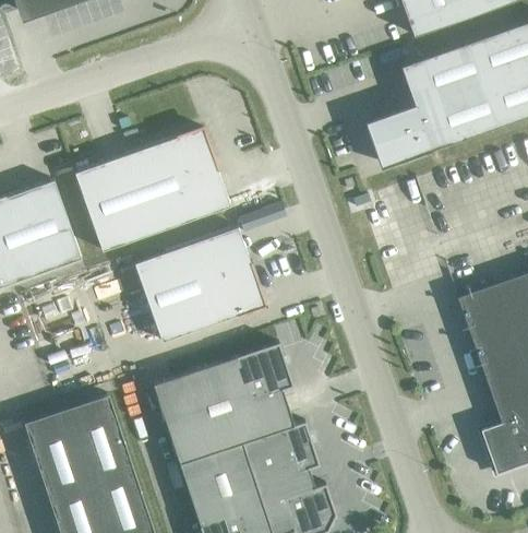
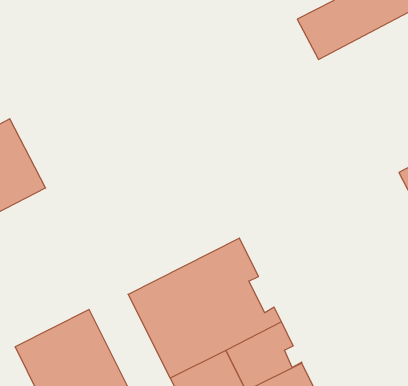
building: [74,128,230,251] -> none
building: [134,227,265,342] -> none

